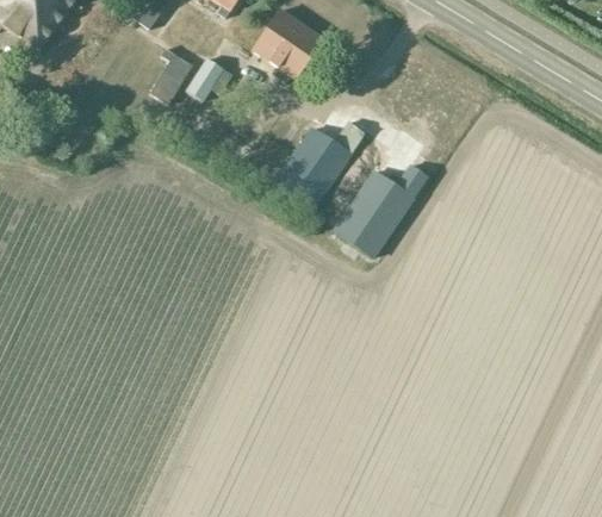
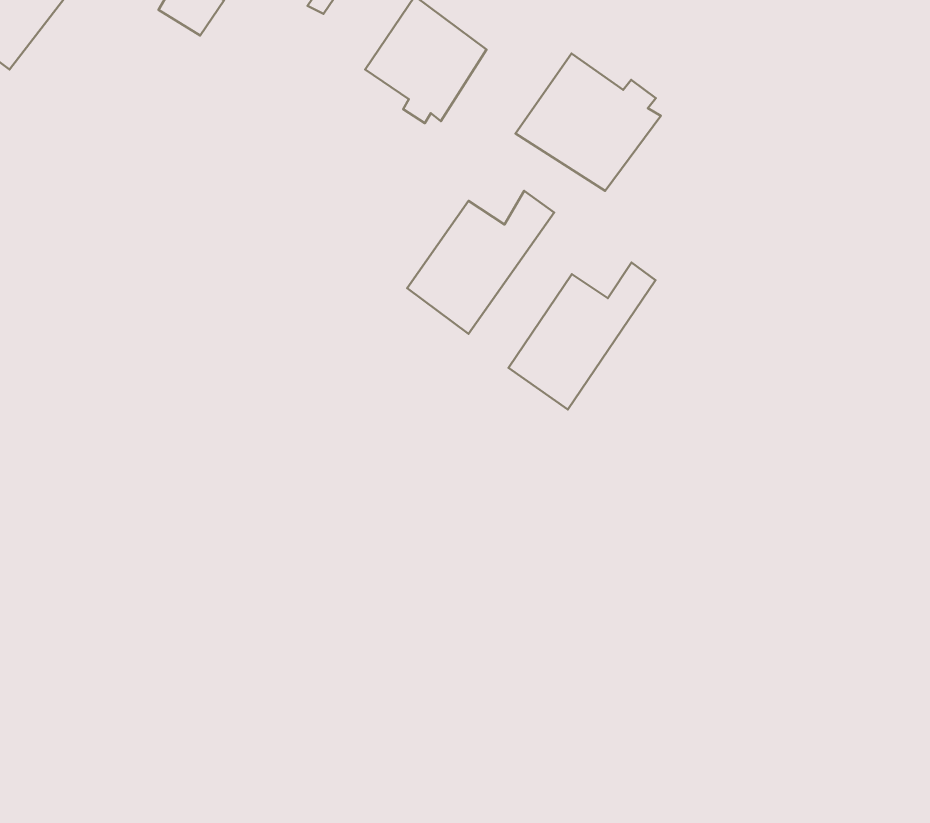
building: none -> [515,54,661,191]
building: [149,45,192,101] -> none
building: [185,56,232,99] -> none

